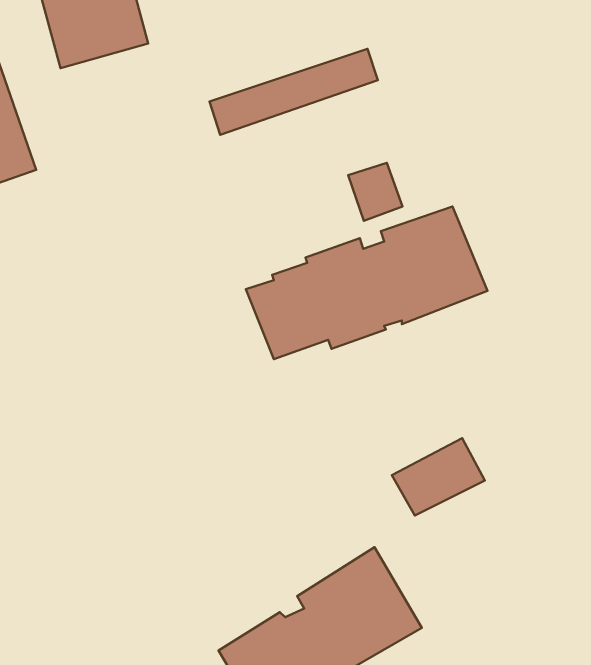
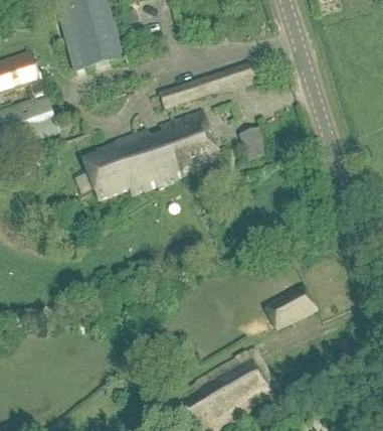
building: [246,207,488,359] -> [81,111,220,198]

